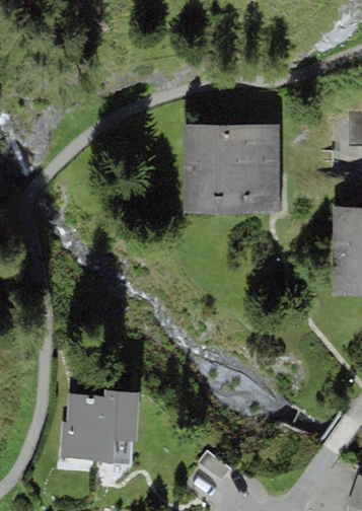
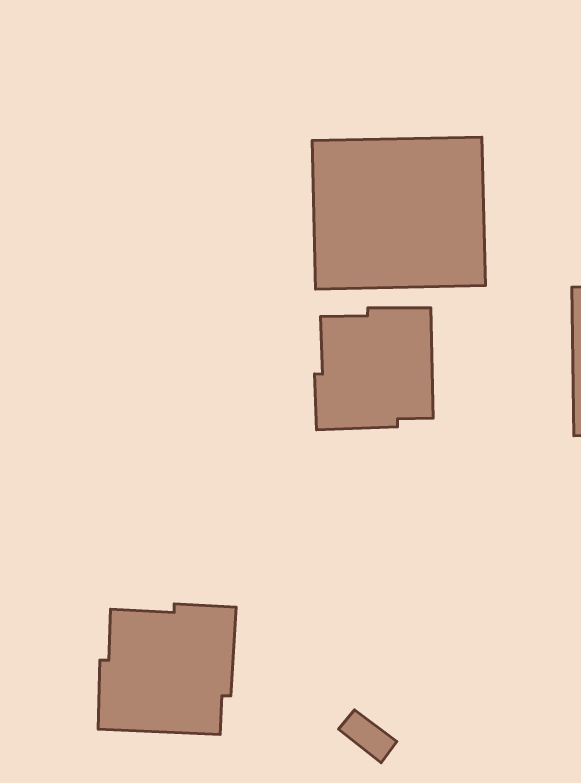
building: none -> [314,308,433,430]

